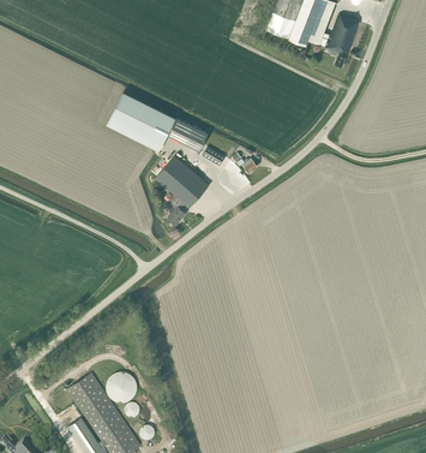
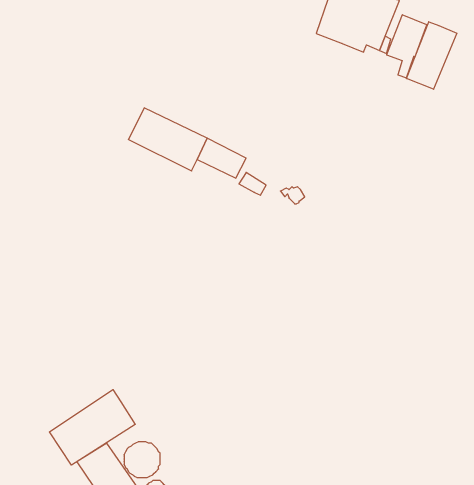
building: none -> [406,22,457,89]
building: [155,156,208,225] -> none
building: none -> [49,390,135,465]

